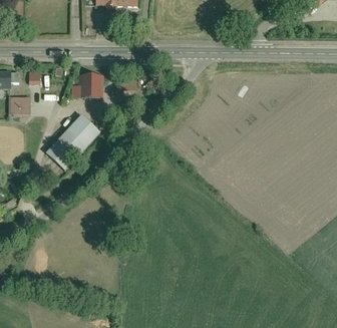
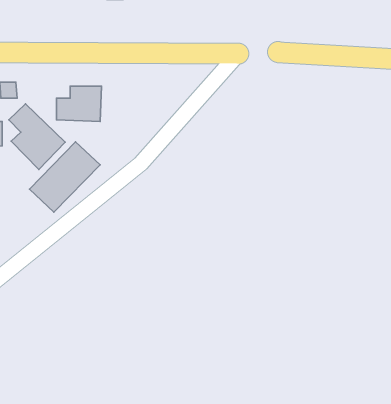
building: none -> [9,104,65,170]

